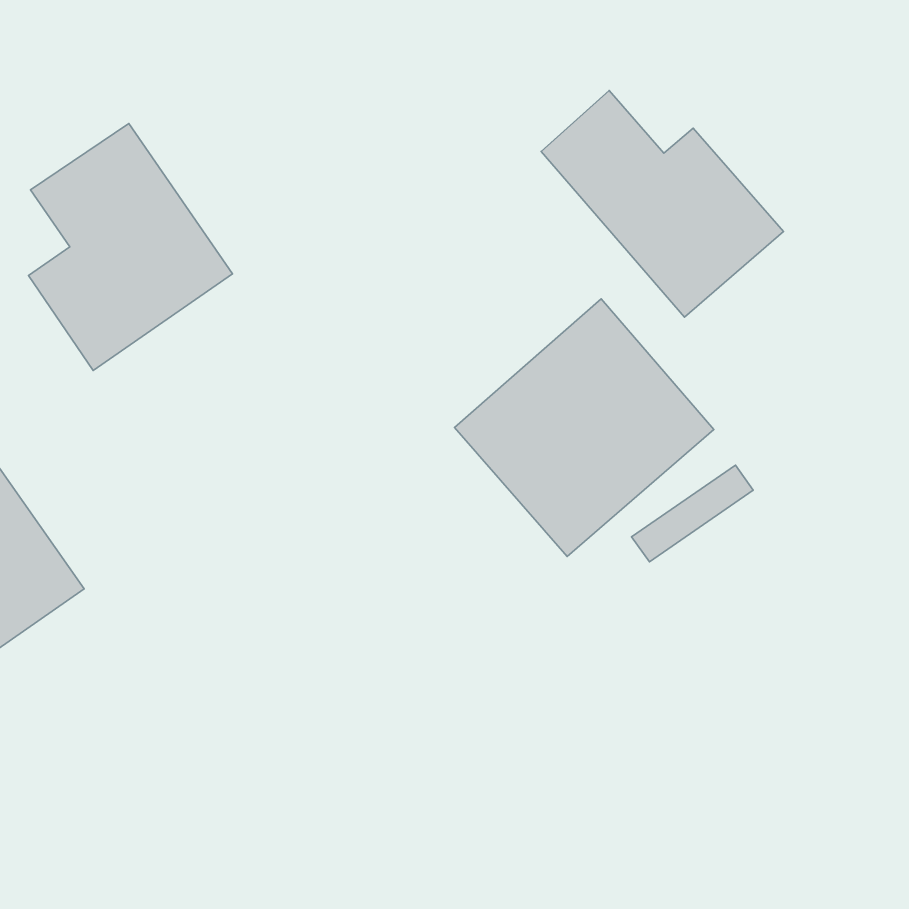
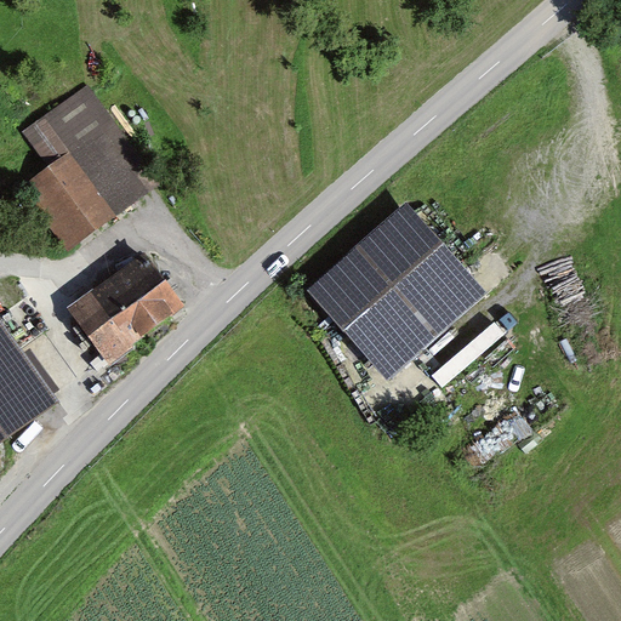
building: [541,90,784,317] -> none
building: none -> [70,253,183,360]

